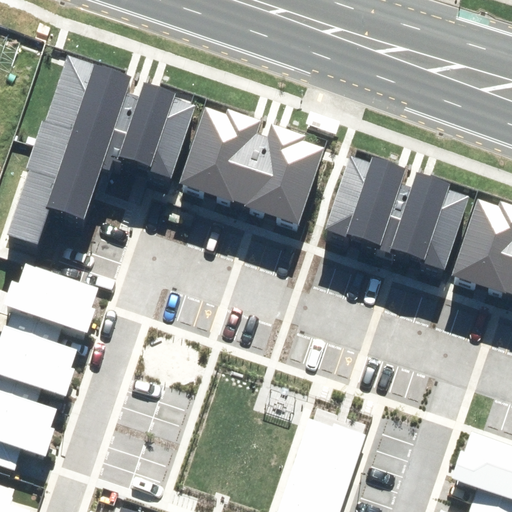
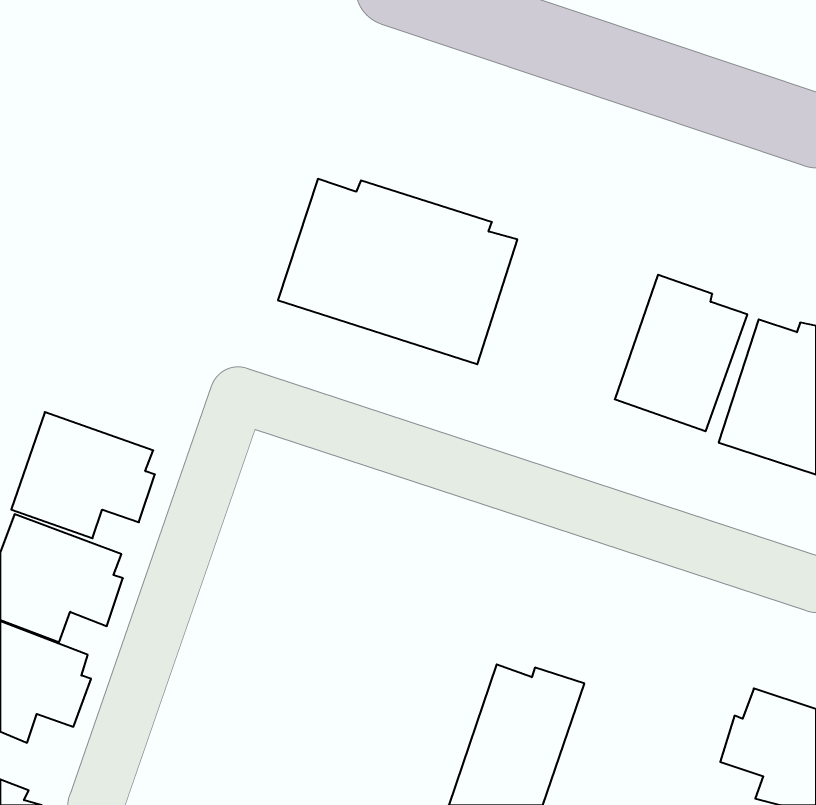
building: [4,56,136,247] -> none
building: [120,88,199,188] -> none
building: [323,156,408,250] -> none

